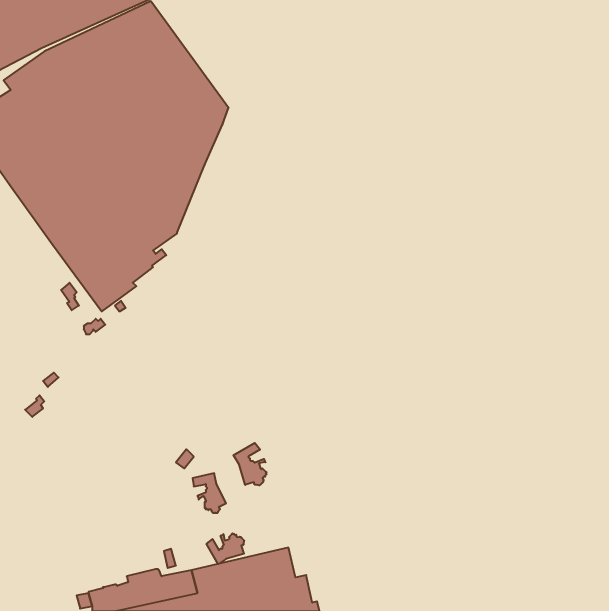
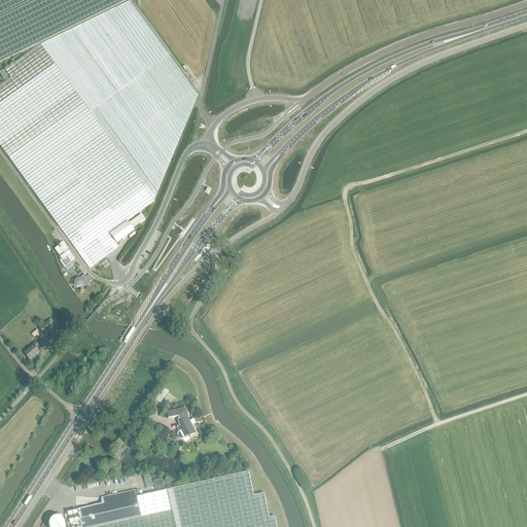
building: [233,443,267,485] -> none
building: [207,533,244,564] -> none

